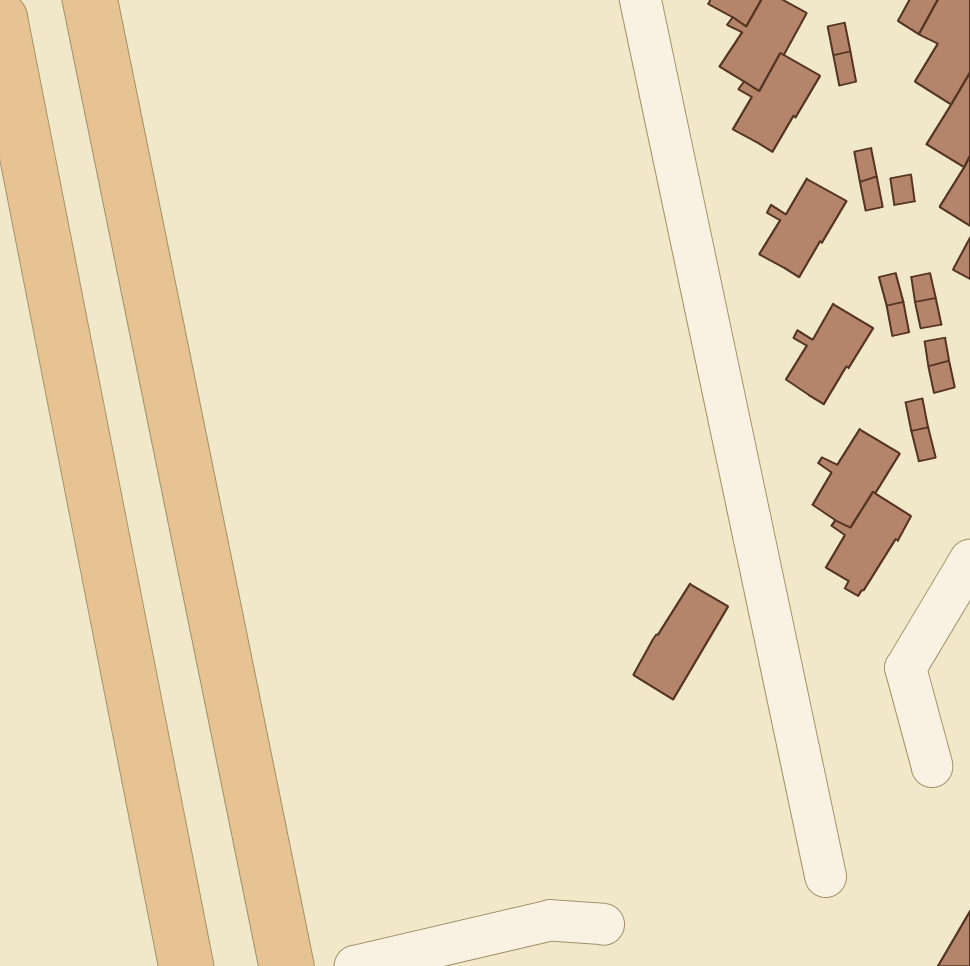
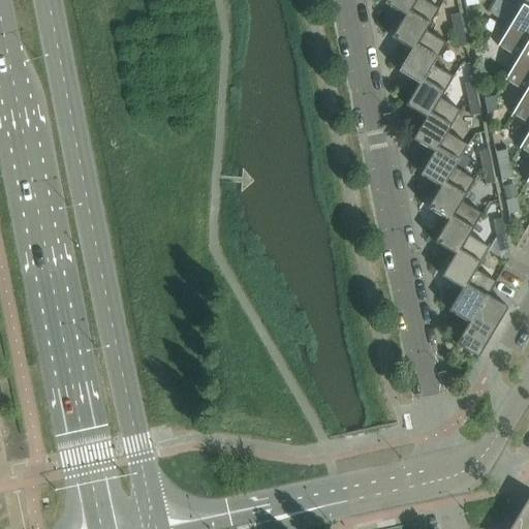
building: none -> [406,63,454,117]
building: none -> [421,131,468,185]
building: none -> [435,199,483,253]
building: [633,584,728,699] -> [457,293,508,356]

